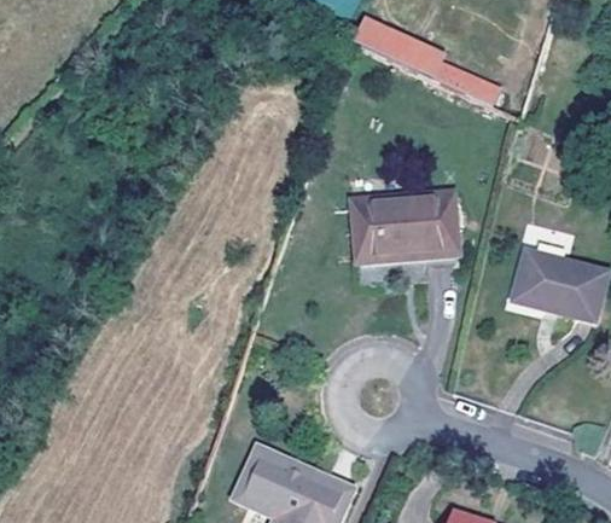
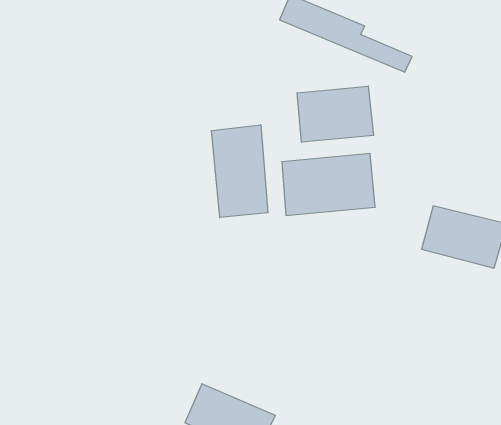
building: none -> [297,86,374,142]
building: none -> [212,125,268,218]

